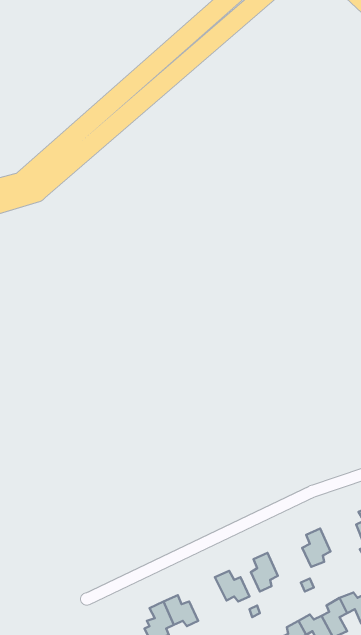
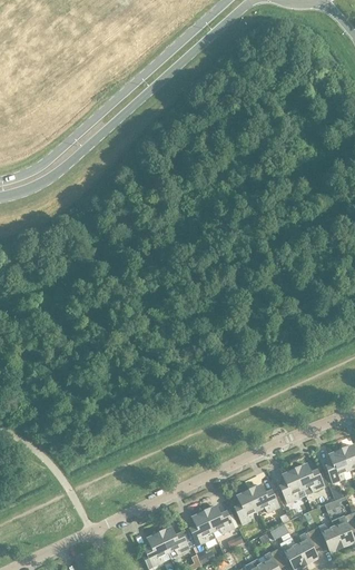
building: none -> [294,462,323,490]
building: none -> [248,483,278,510]
building: none -> [188,510,213,543]

